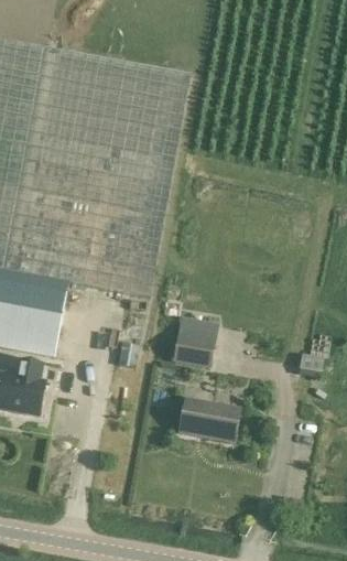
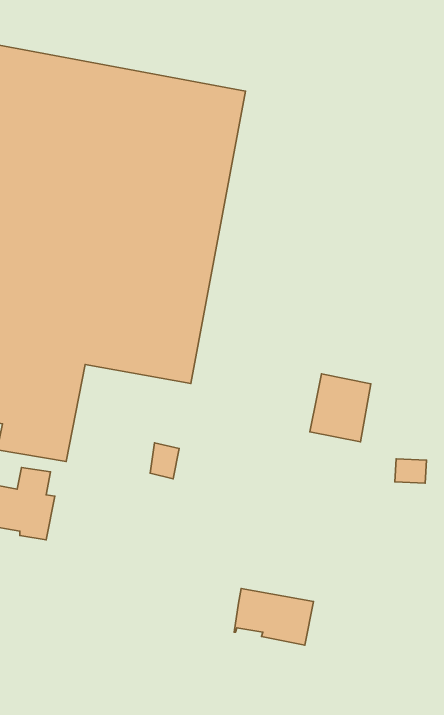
building: [171,319,217,370] -> [310,374,371,442]
building: [177,399,238,442] -> [234,589,314,645]

